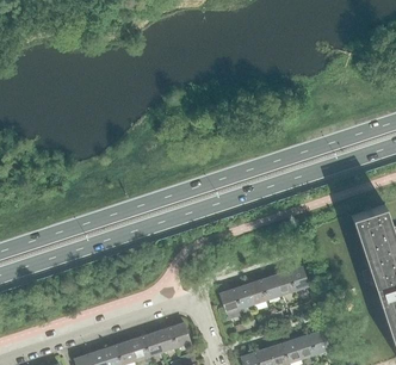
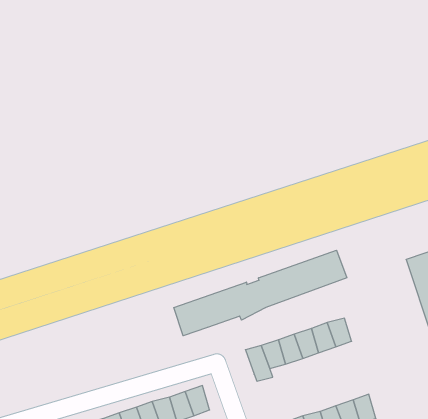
building: none -> [174,250,347,336]

